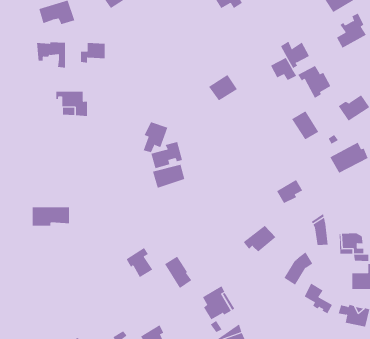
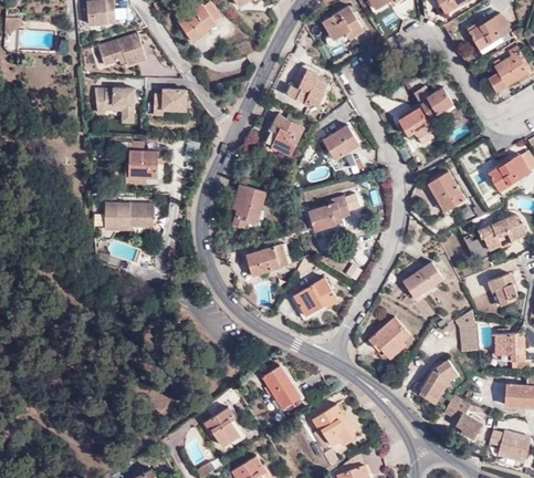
building: none -> [287,71,328,111]
building: [297,65,331,99] -> none
building: none -> [272,117,305,157]
building: [151,142,183,169] -> [308,197,350,232]
building: none -> [490,277,520,310]
building: none -> [295,278,339,314]
building: [32,207,70,226] -> [104,202,154,228]
building: [126,247,153,278] -> [203,406,239,446]

